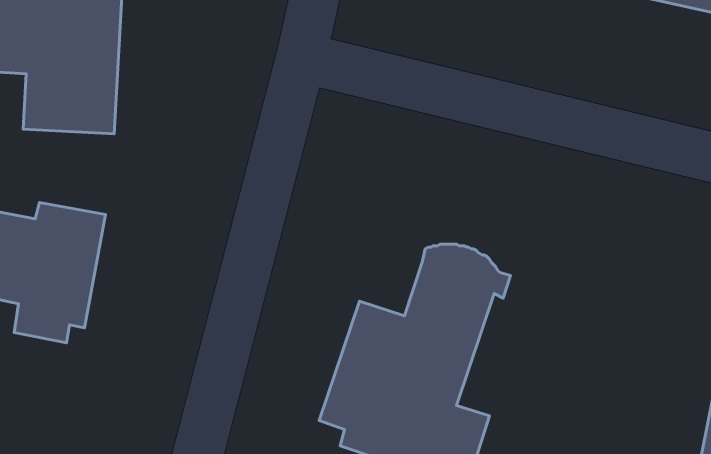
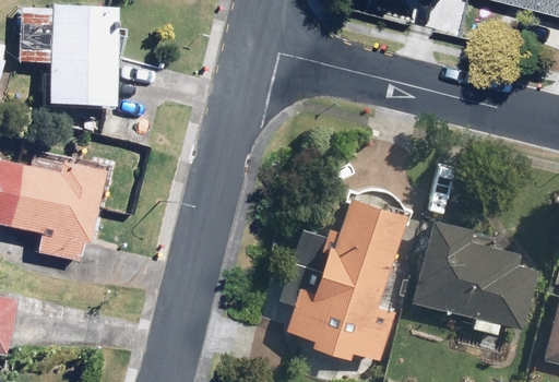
building: none -> [411,218,533,326]

